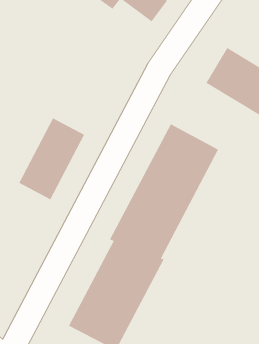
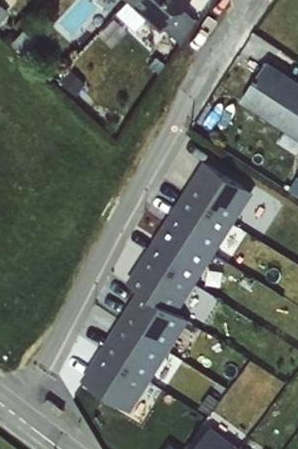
building: [18,118,85,200] -> none

